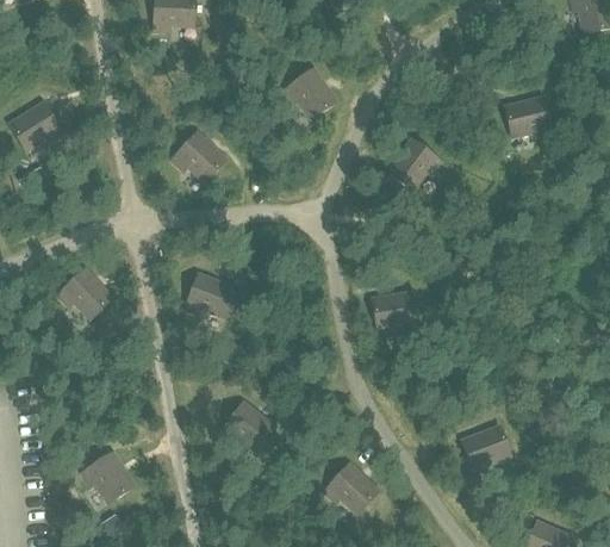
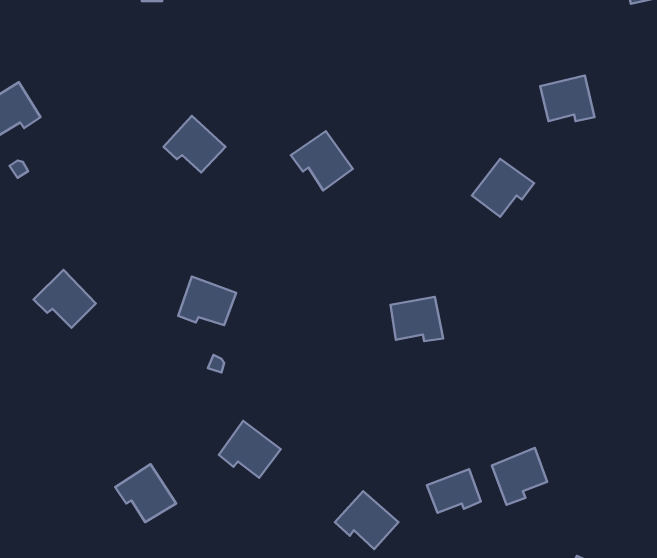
building: [282,67,337,119] -> [291,131,353,190]
building: [387,138,442,189] -> [472,159,534,217]
building: none -> [427,469,481,513]
building: [81,450,135,502] -> [115,464,176,522]

